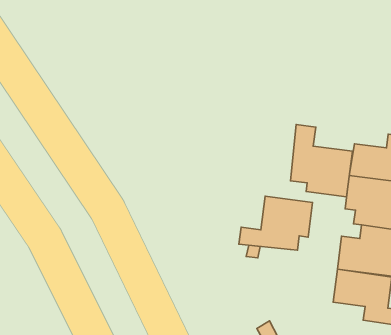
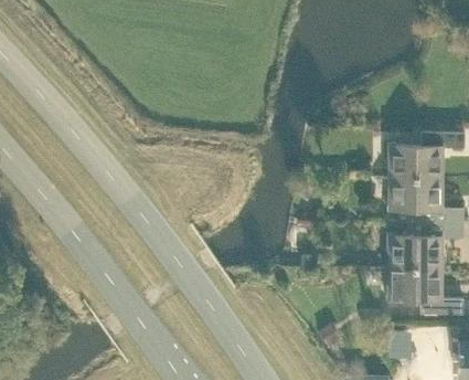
building: [290,125,352,197] -> none
building: [239,196,313,250] -> none

